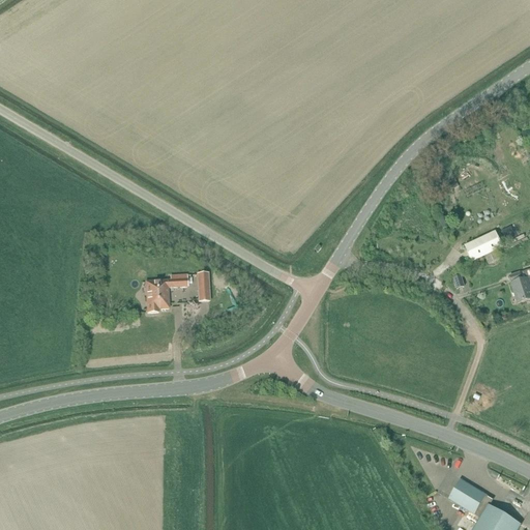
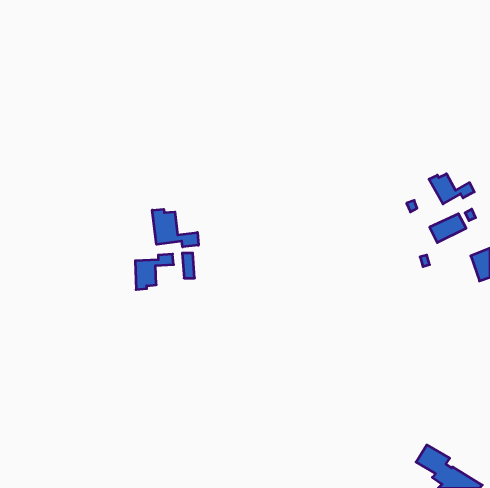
building: none -> [429,174,474,204]
building: none -> [152,209,198,247]

